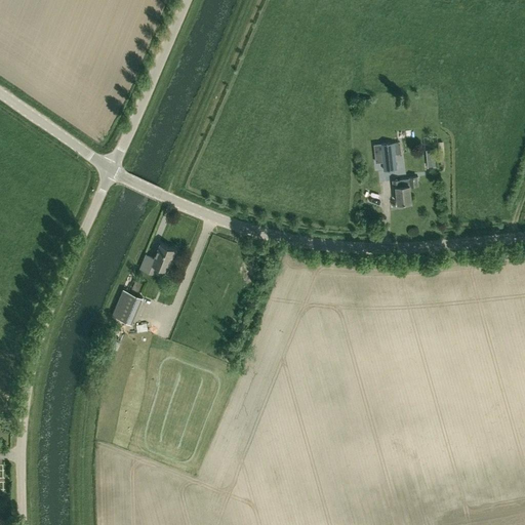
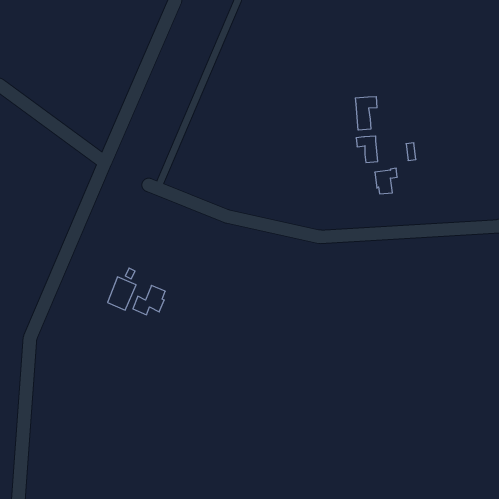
building: none -> [355,97,377,130]
building: [140,244,174,275] -> [133,285,165,315]

